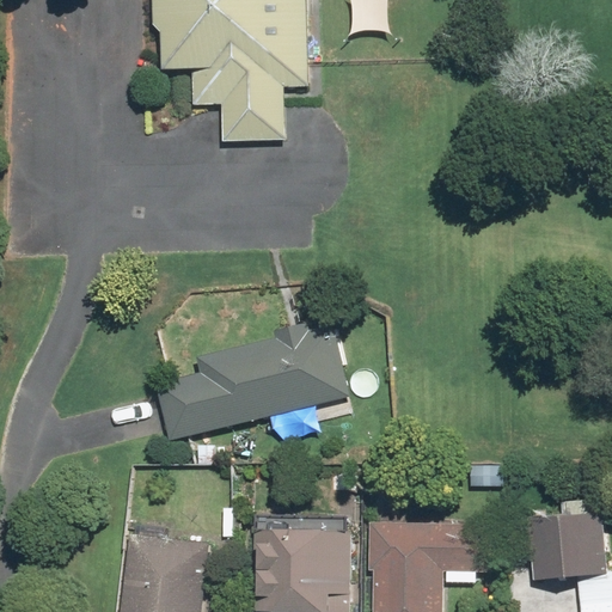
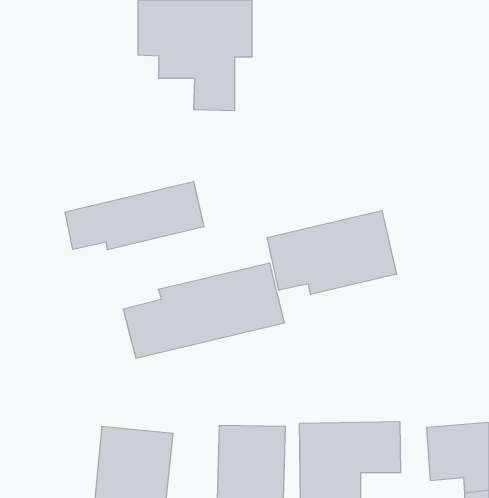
building: none -> [65,181,204,250]
building: none -> [267,210,396,295]

